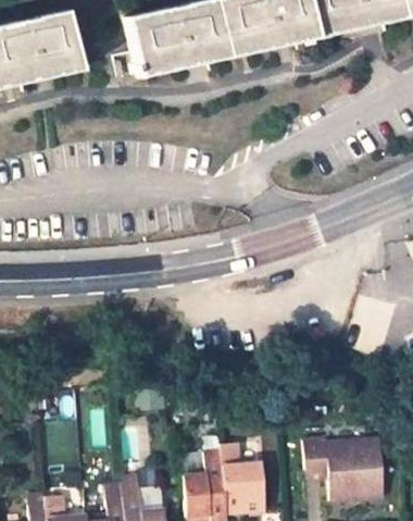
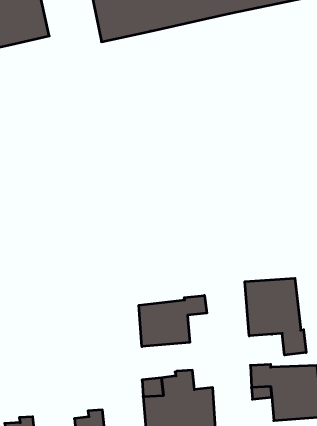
building: none -> [245,278,306,355]
building: none -> [139,295,207,347]

